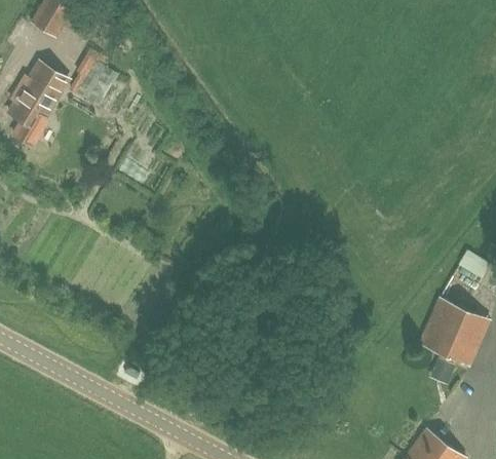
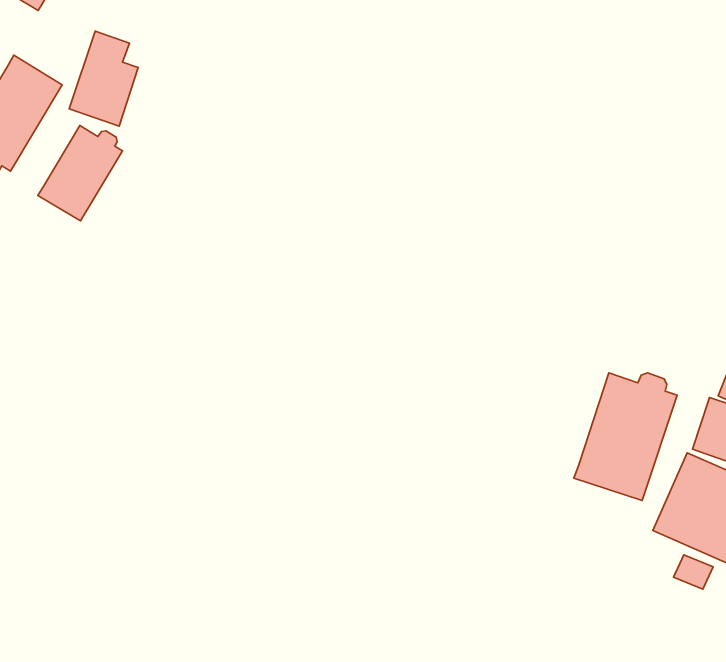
building: none -> [38,125,122,221]
building: none -> [574,373,677,501]

